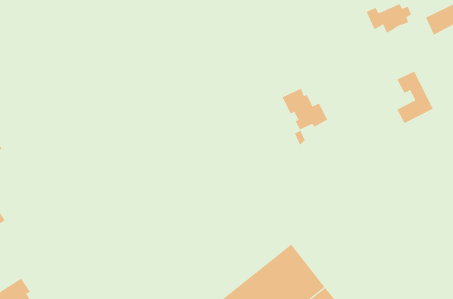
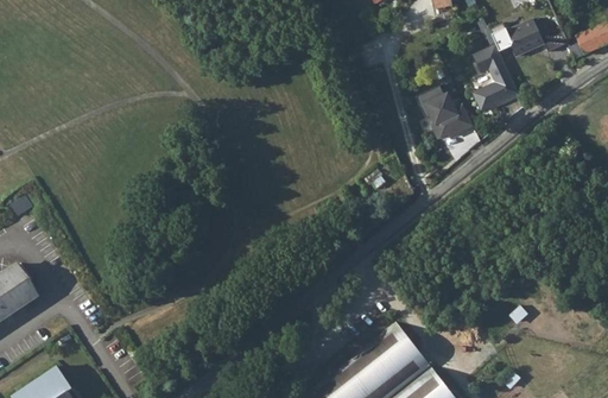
building: [397,71,433,124] -> [475,46,521,113]
building: [282,88,328,130] -> [416,83,474,137]

